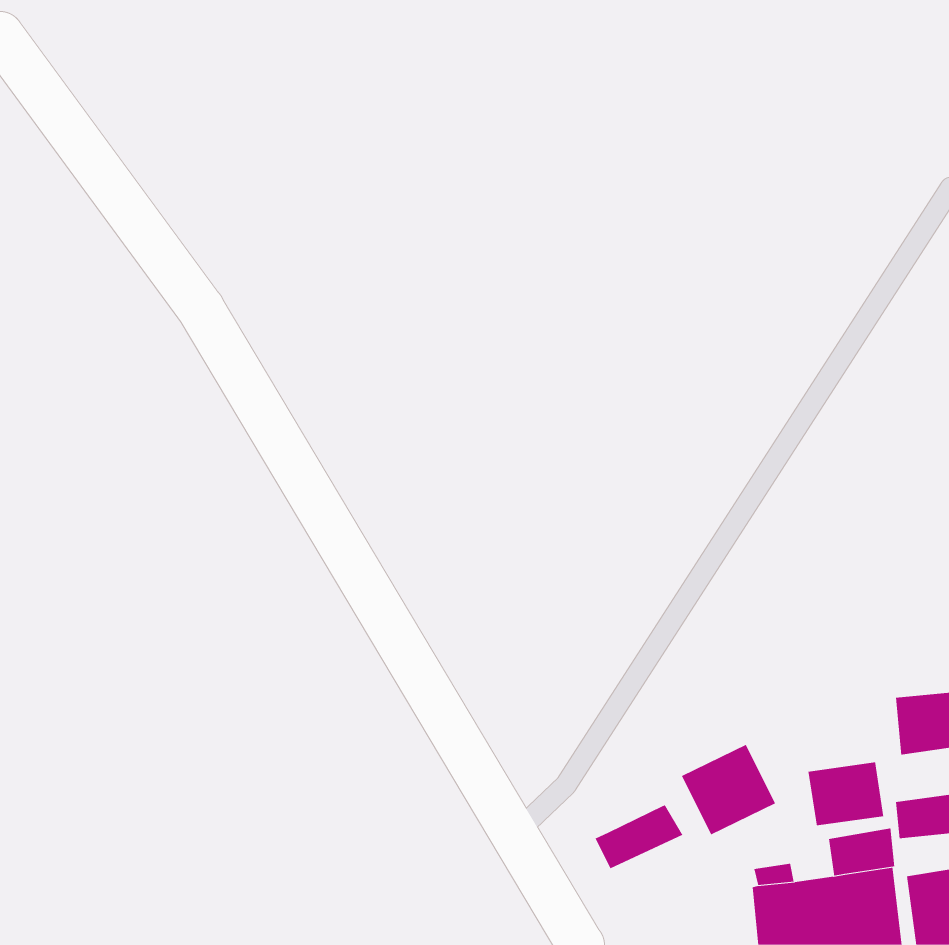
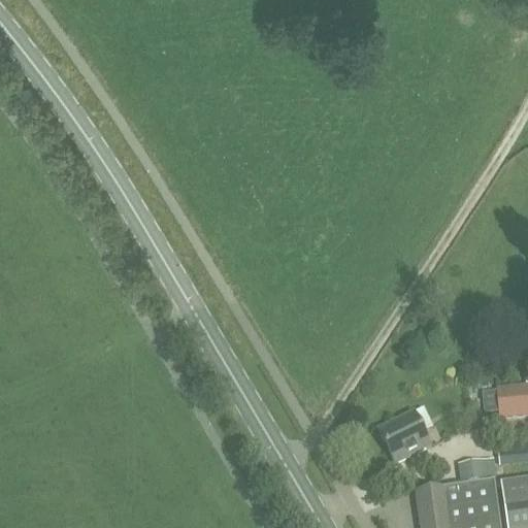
building: [808,762,884,826] -> none
building: [595,804,683,869] -> none

